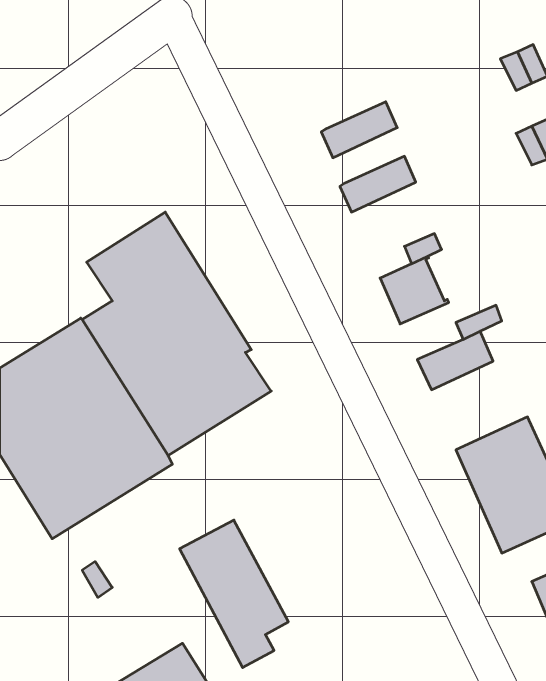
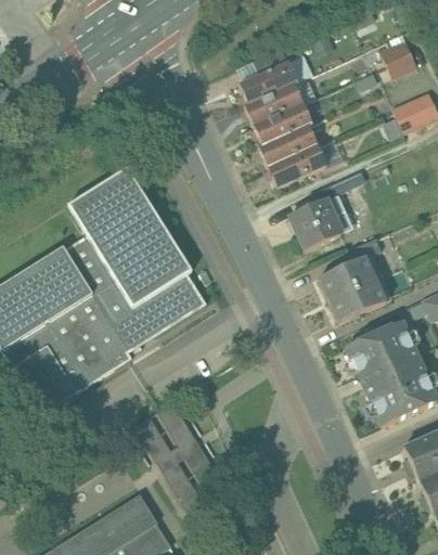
building: none -> [240,62,298,104]
building: none -> [254,103,312,145]
building: none -> [268,144,326,188]
building: none -> [328,280,386,324]

